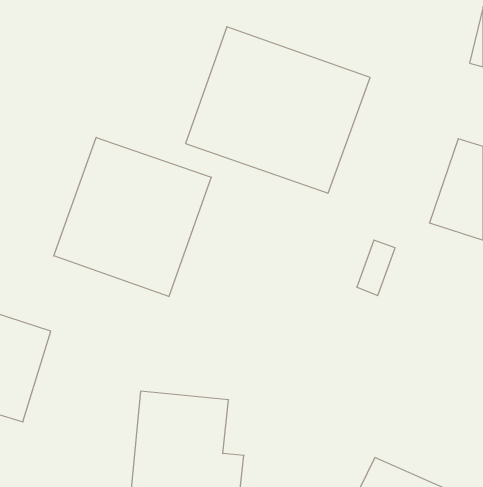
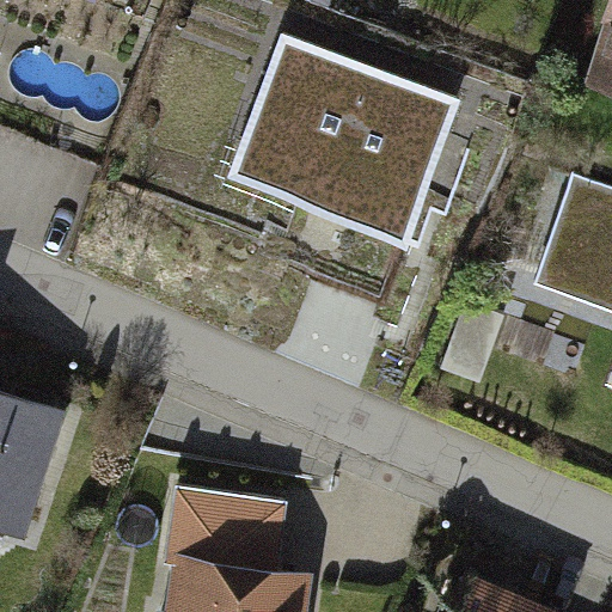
building: [54,137,211,297] -> none

